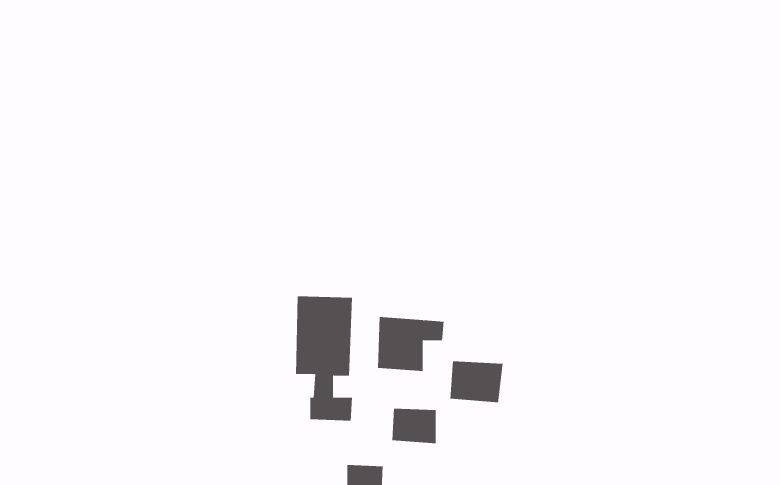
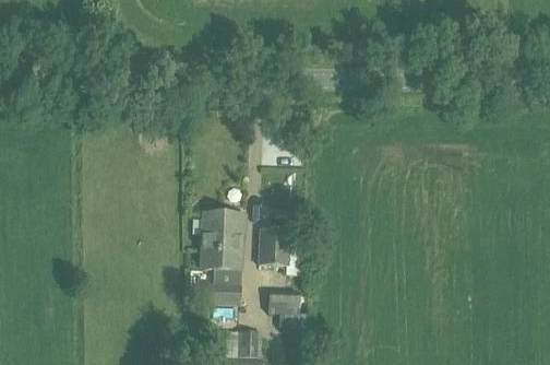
building: [450,361,503,403] -> none

